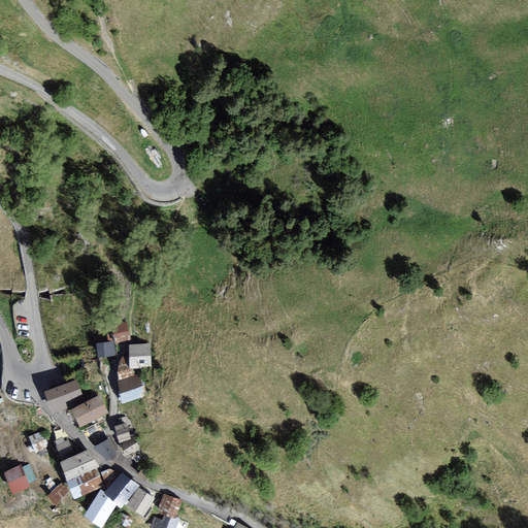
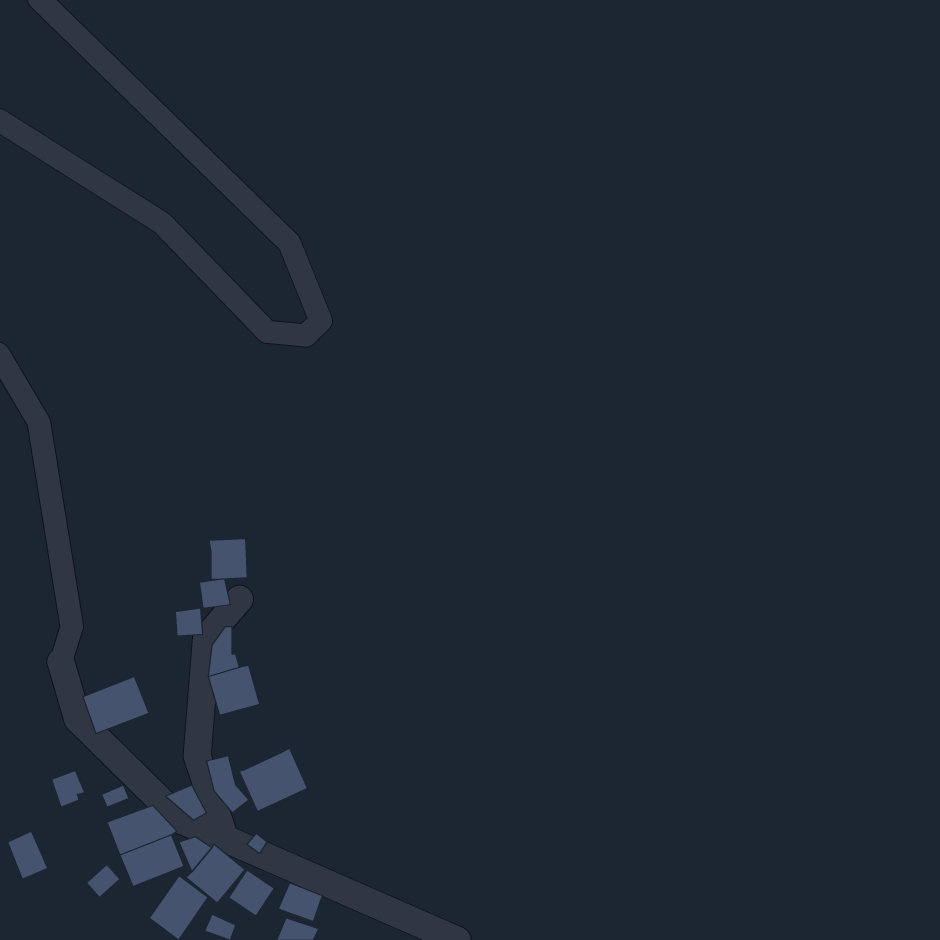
building: [129,343,151,366] -> [209,539,248,579]
building: [73,396,104,423] -> none
building: none -> [239,748,308,812]

